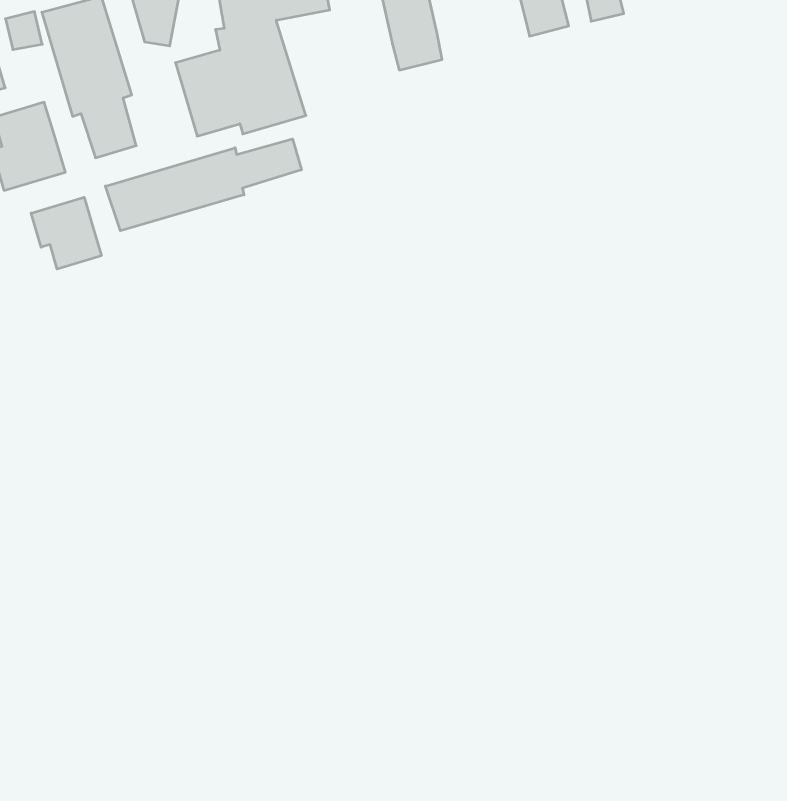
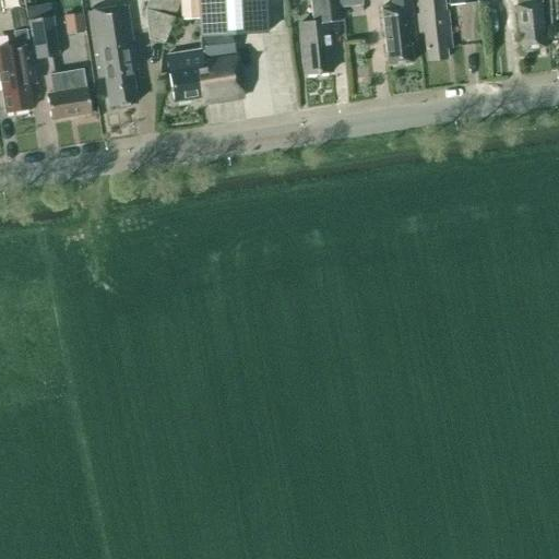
building: [105,139,301,231] -> none
building: [31,197,101,269] -> none

